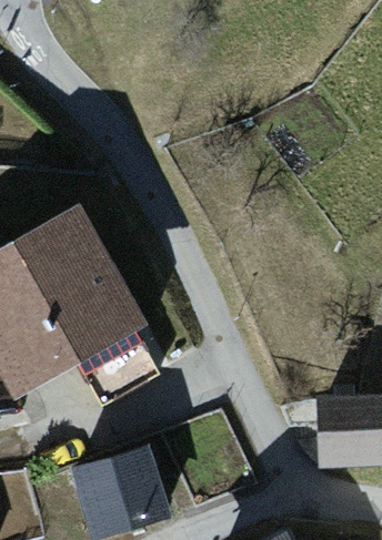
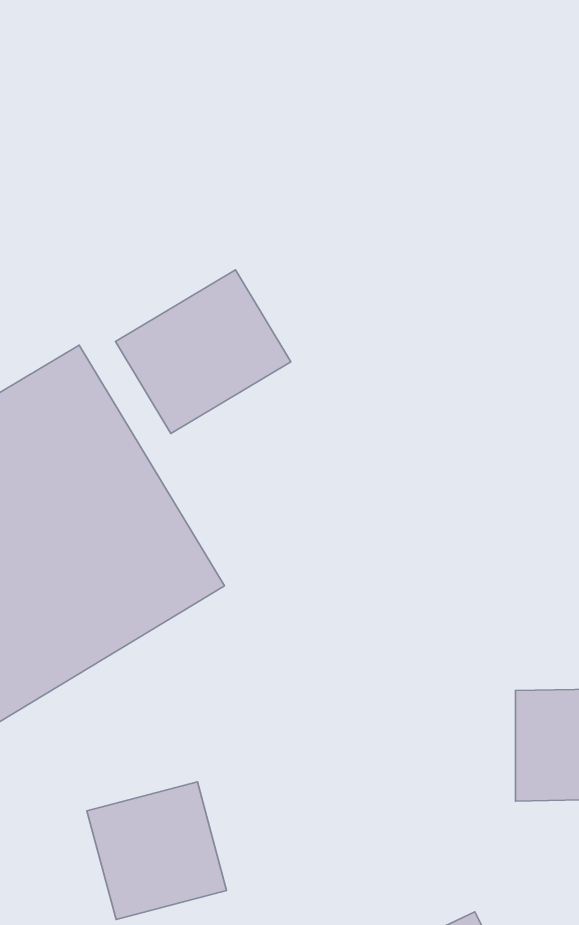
building: none -> [116,270,291,433]

